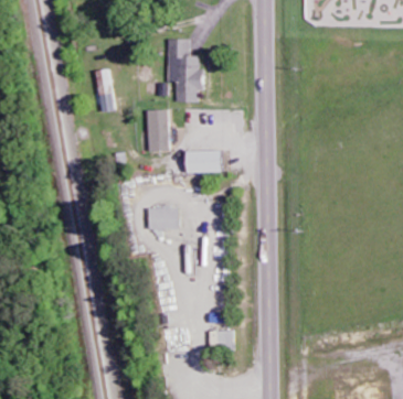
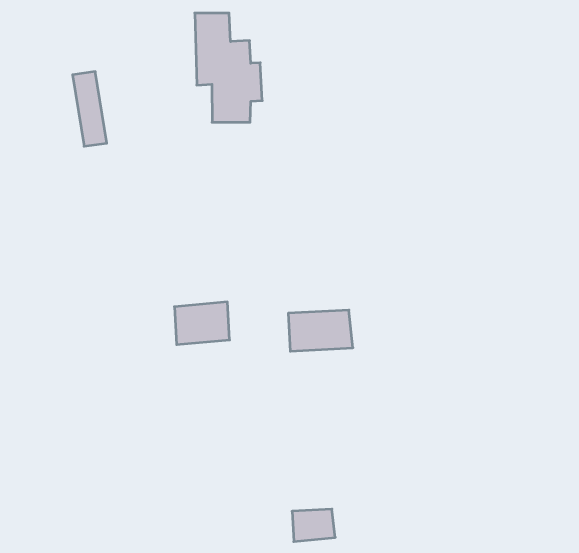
building: [147,110,170,152] -> none
building: [188,151,224,173] -> [288,310,353,351]

